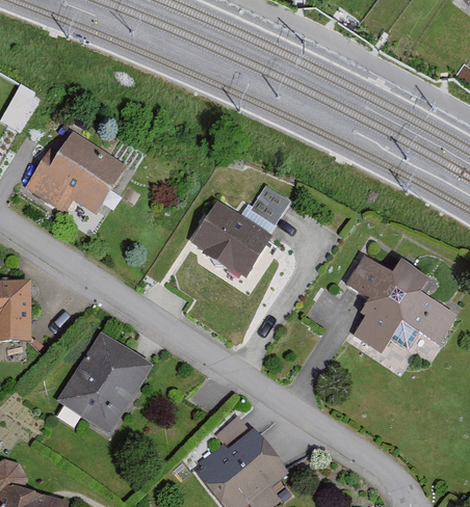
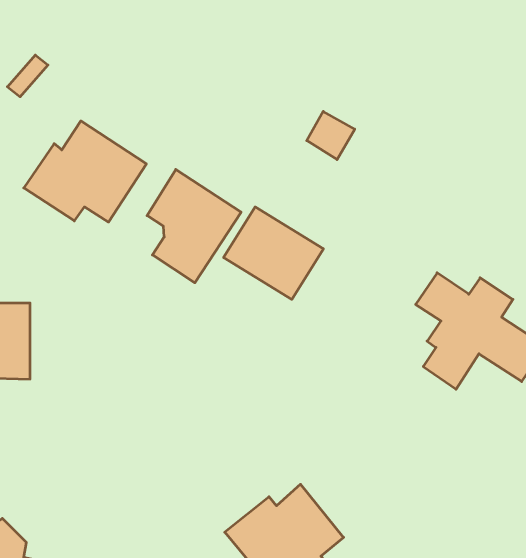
building: none -> [147,169,241,283]
building: [251,185,290,224] -> [307,111,355,160]
building: [56,332,153,435] -> none

